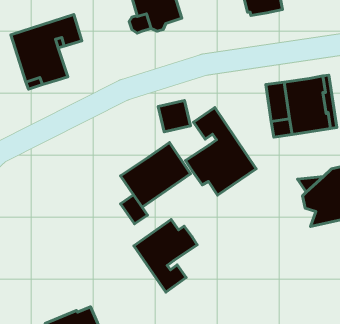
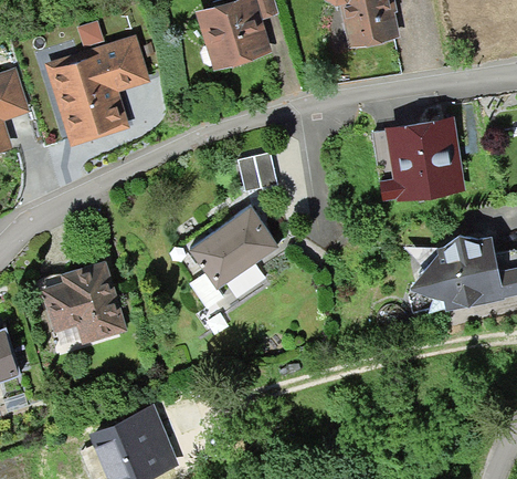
building: [185,107,256,195] -> none
building: none -> [44,265,124,342]
building: [134,220,197,292] -> none

